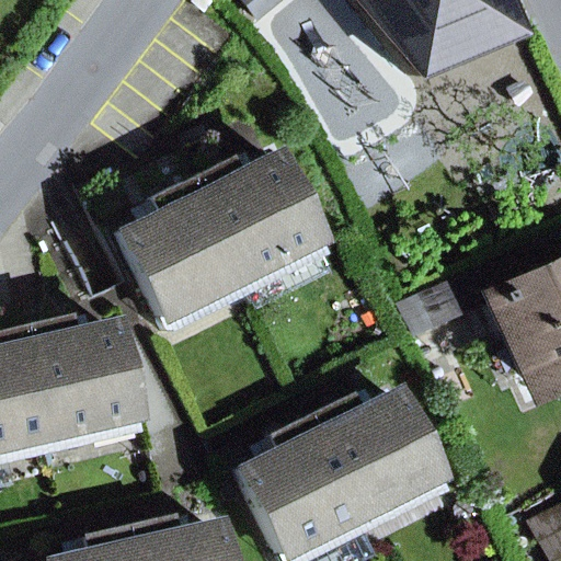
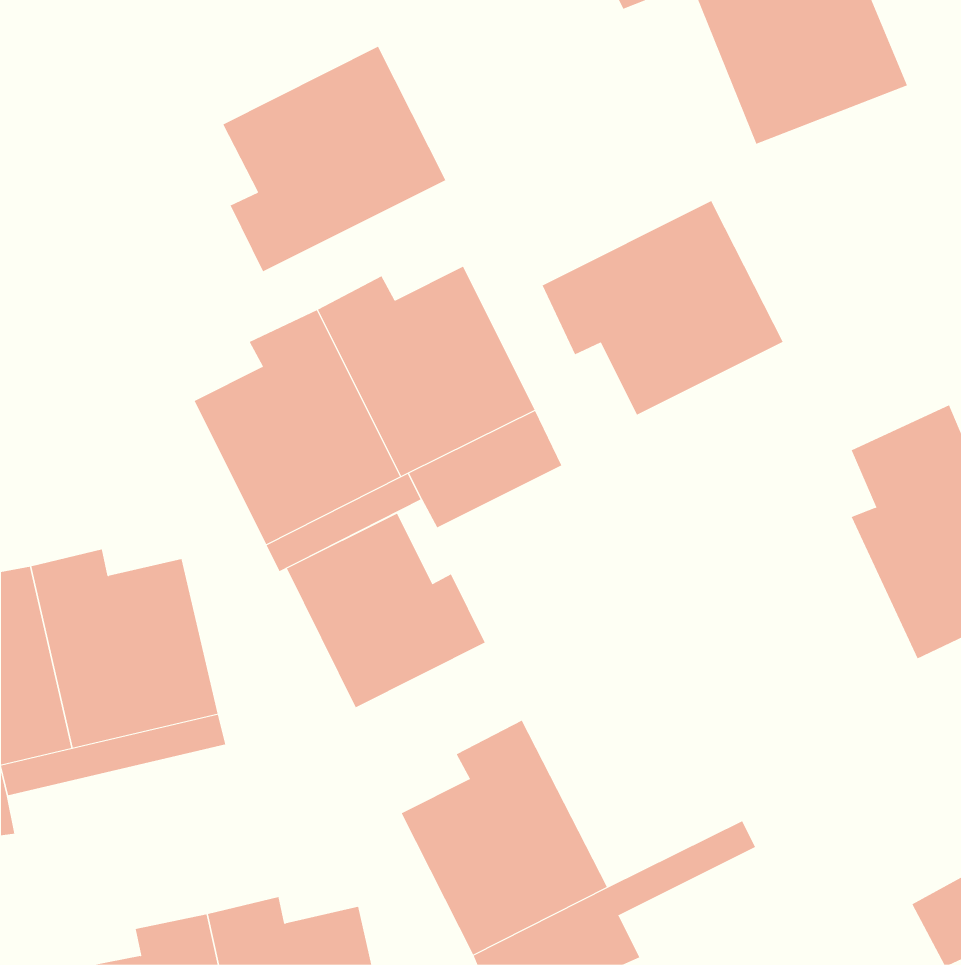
building: none -> [223,46,446,272]
building: none -> [542,200,783,416]
building: none -> [286,513,486,708]
building: [307,390,434,512] -> none

